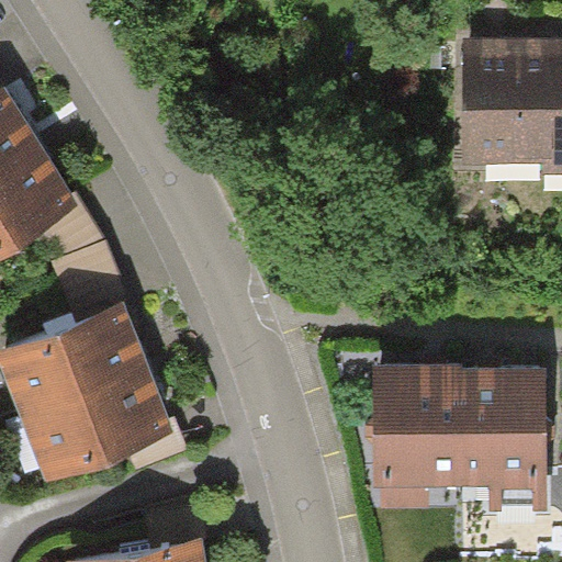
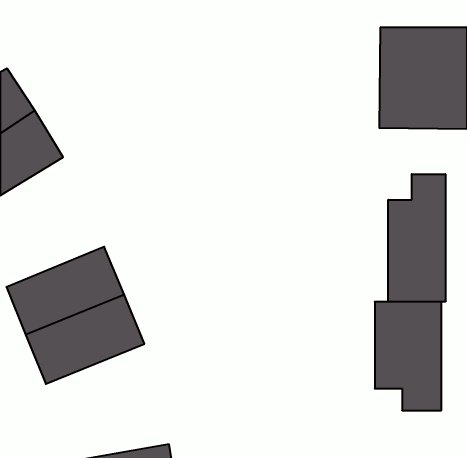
building: none -> [388,174,445,302]
building: [367,373,450,508] -> none

